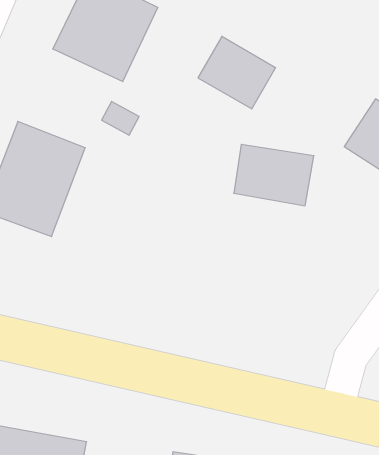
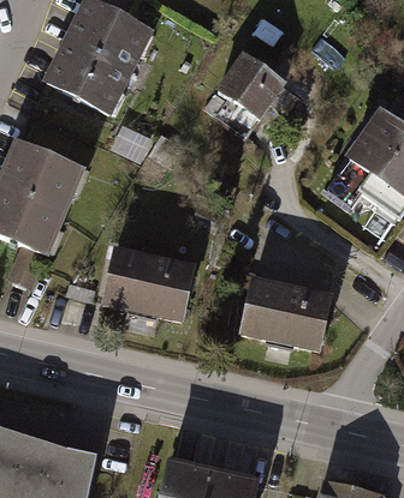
building: [234,144,314,206] -> [252,280,329,338]
building: none -> [106,247,198,316]

